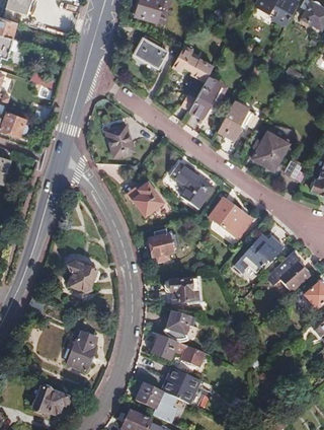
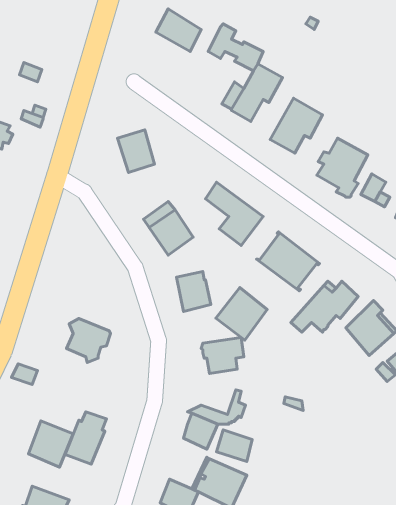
building: none -> [216,288,267,340]
building: [166,310,191,335] -> none
building: none -> [28,421,73,467]

